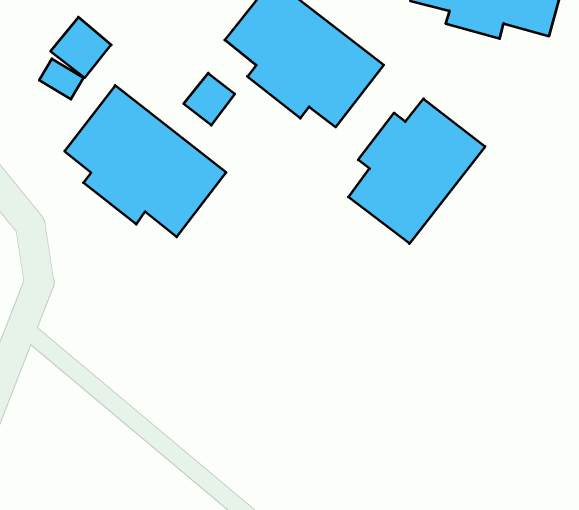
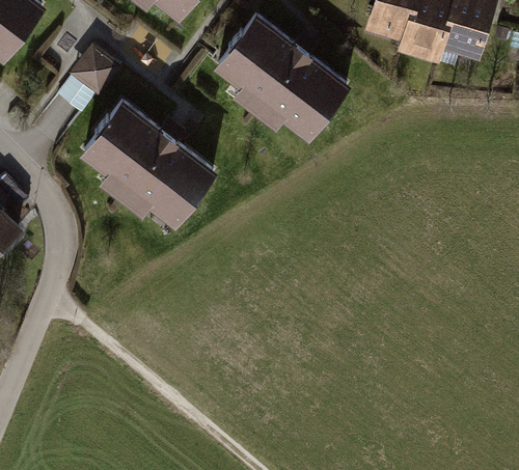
building: [184,73,235,125] -> none
building: [348,99,485,244] -> none

